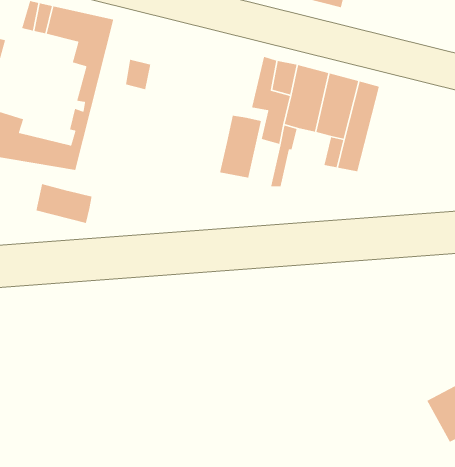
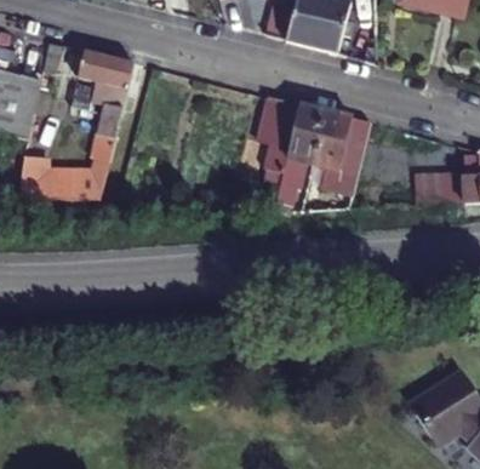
building: [219,115,262,178] -> none
building: [35,183,92,224] -> none

